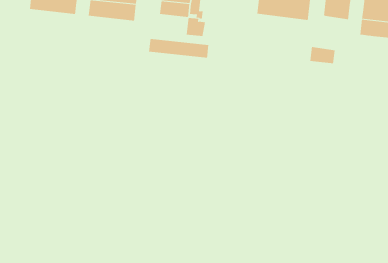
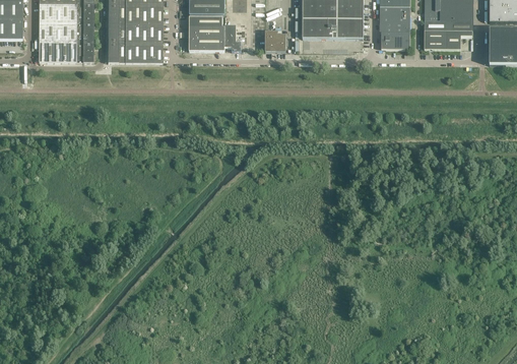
building: [186,17,206,37] -> [265,31,286,51]
building: [148,38,209,59] -> none
building: [310,47,335,64] -> [382,32,410,49]

